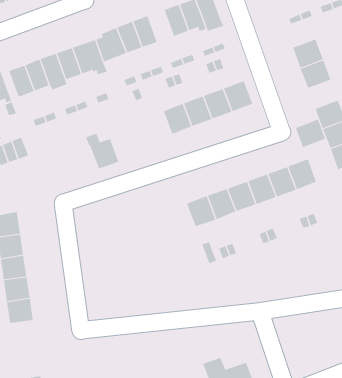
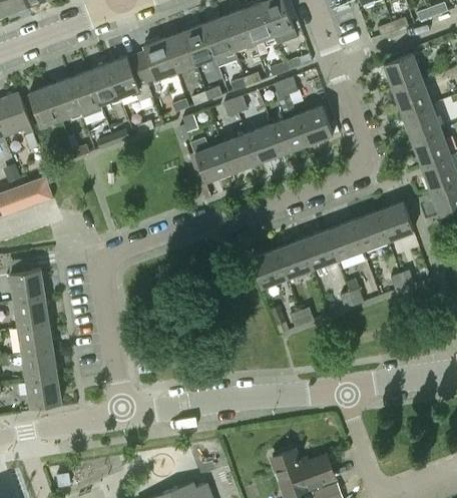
building: none -> [202,17,238,67]
building: [295,119,326,148] -> [402,104,440,140]
building: [86,133,119,169] -> [190,136,233,181]

